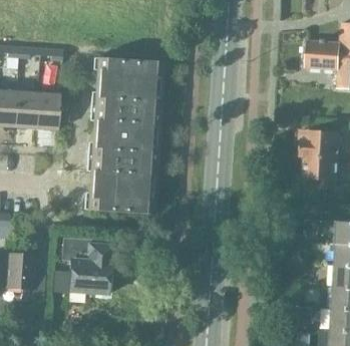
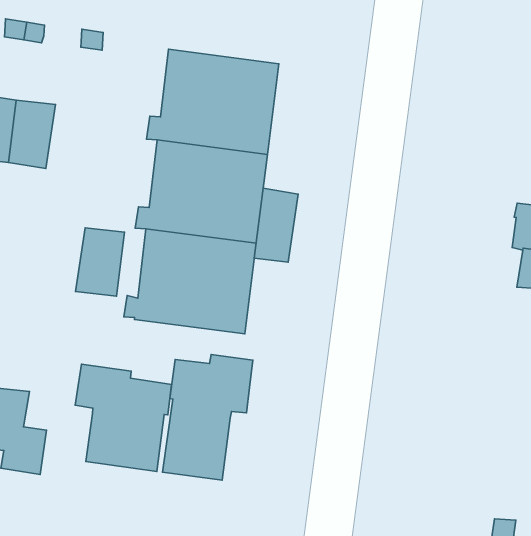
building: [35,92,60,129] -> [76,228,124,296]
building: none -> [254,188,298,262]
building: none -> [162,354,253,480]

